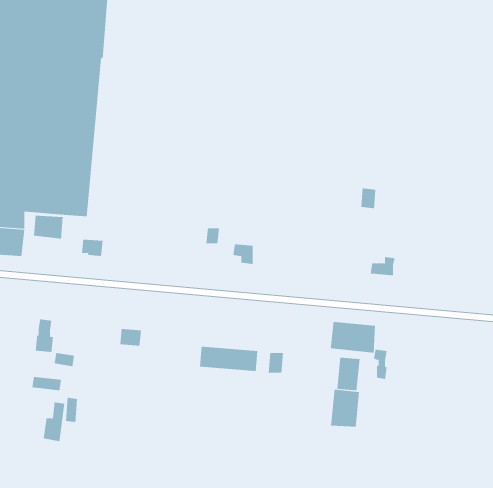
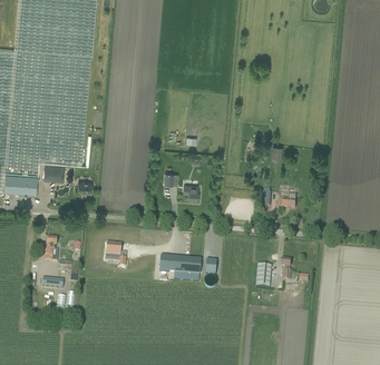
building: [330,321,376,353] -> none
building: [331,389,360,428] -> none

